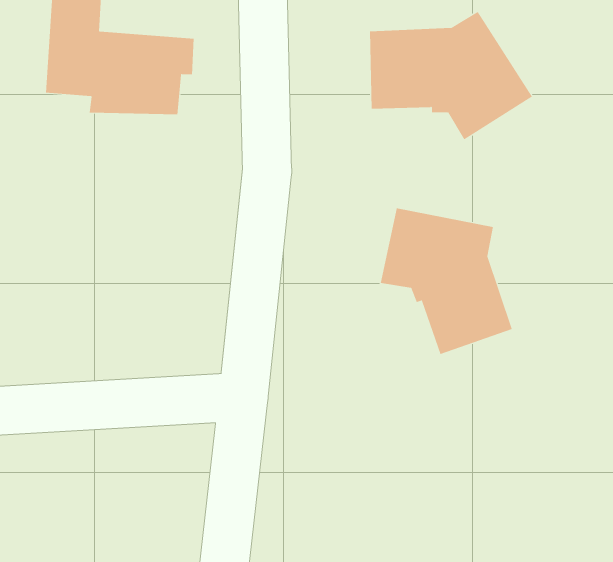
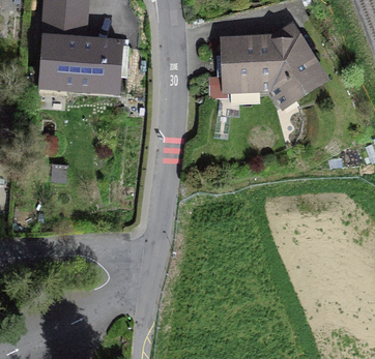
building: [380,207,513,355] -> none

